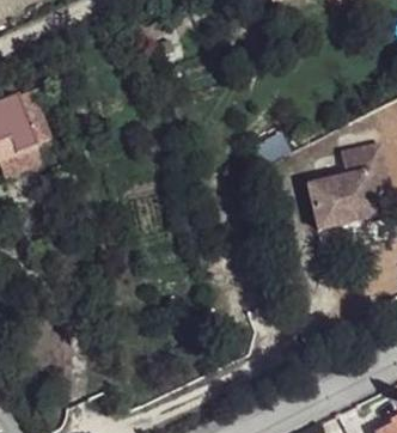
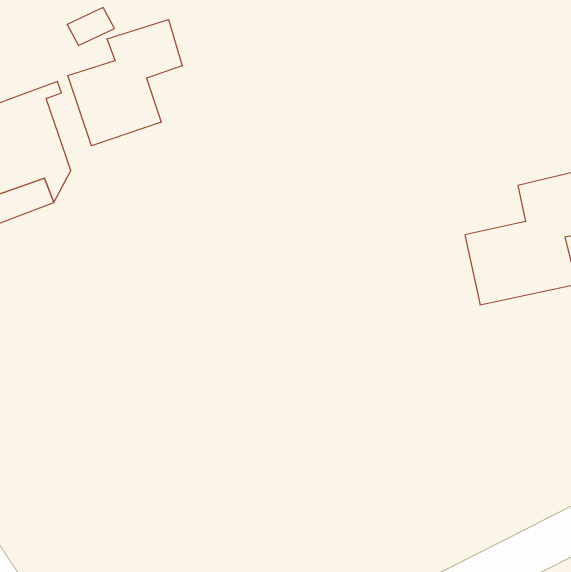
building: none -> [68,20,182,146]

